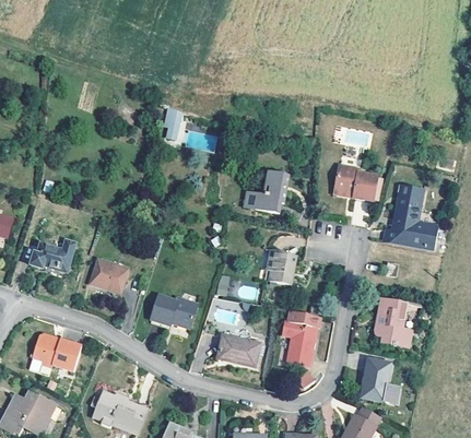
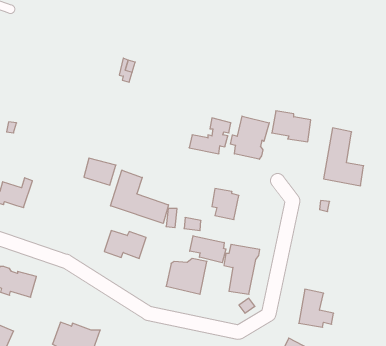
building: none -> [231,116,269,159]
building: none -> [111,170,168,223]
building: [90,261,125,291] -> [84,158,116,185]
building: [376,300,412,346] -> none
building: none -> [190,236,226,263]

